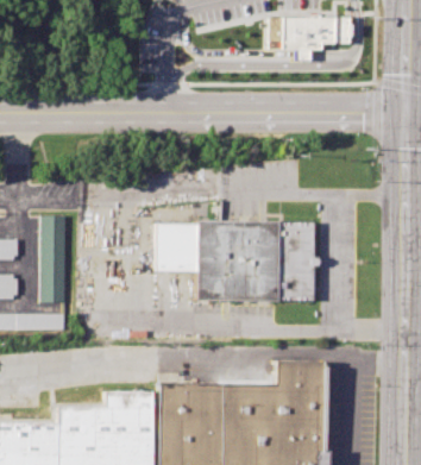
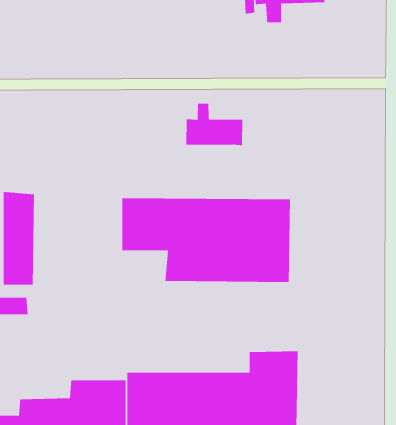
building: none -> [186,103,243,146]

